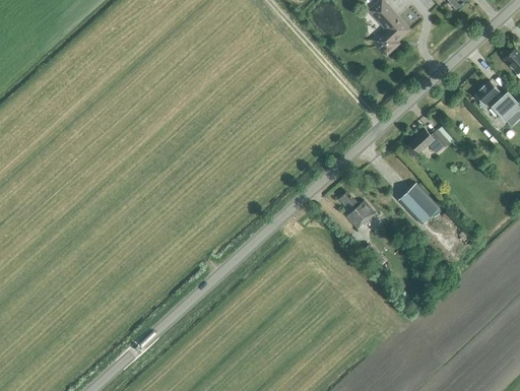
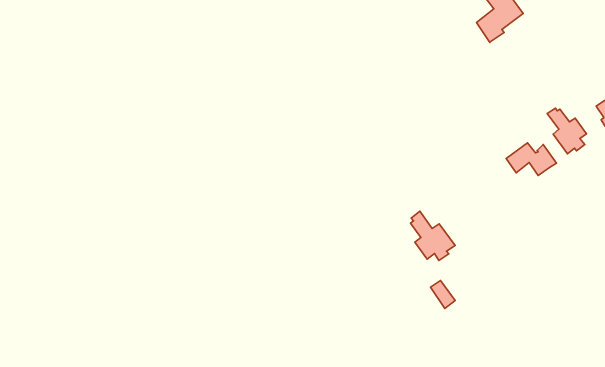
building: none -> [547,108,587,154]
building: [399,183,441,224] -> none

